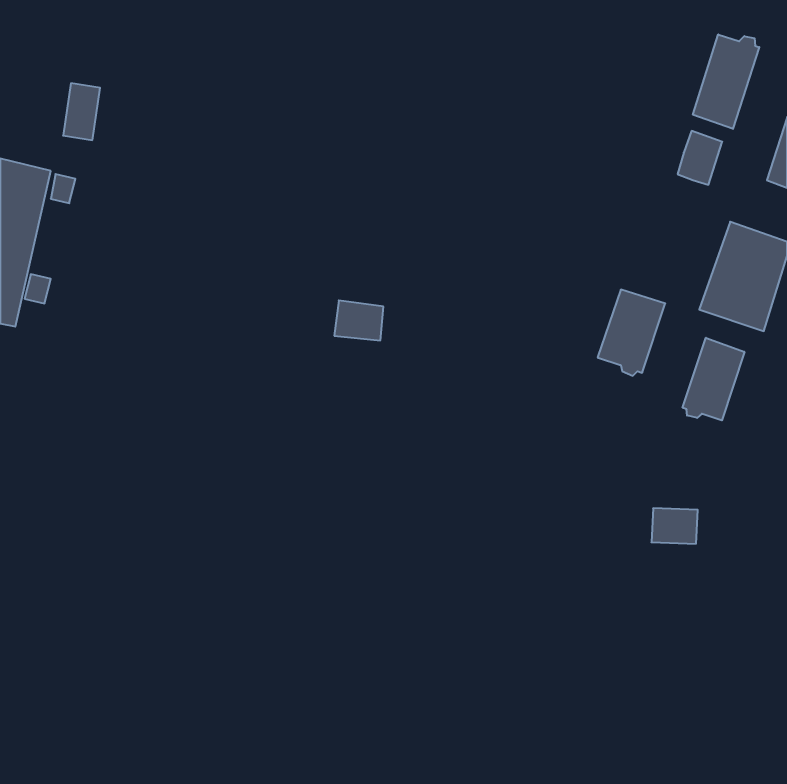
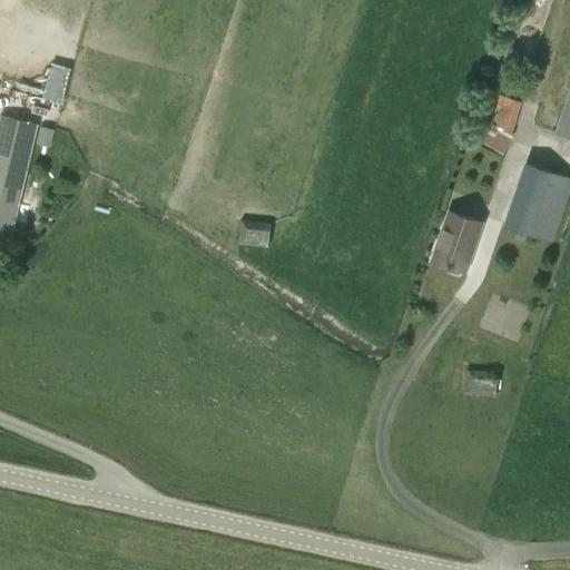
building: [693,34,759,129] -> none
building: [683,338,744,420] -> none

